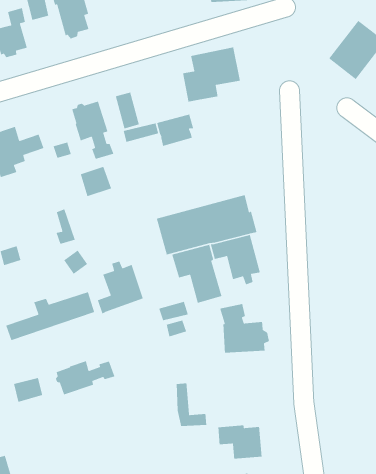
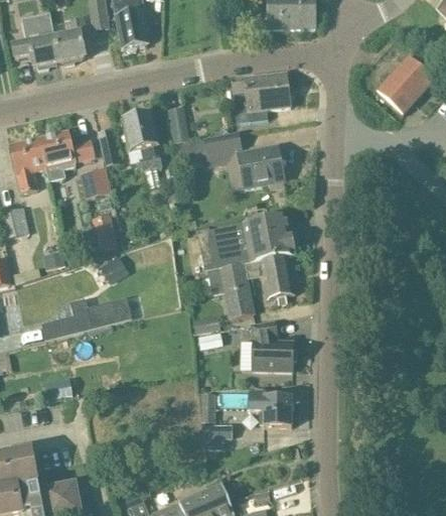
building: none -> [238,144,284,187]
building: [80,166,112,197] -> [81,168,111,198]
building: [97,261,144,315] -> none
building: [55,360,115,395] -> none
building: [217,425,262,460] -> [250,393,291,426]

